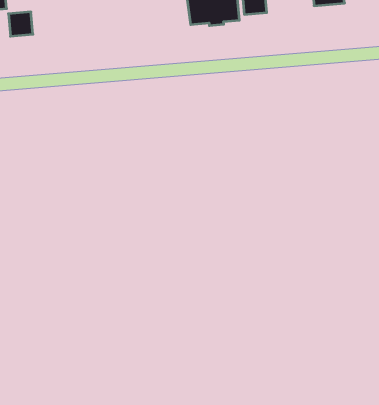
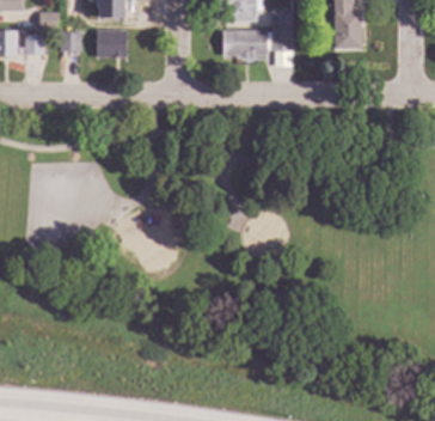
building: none -> [97,30,127,57]

